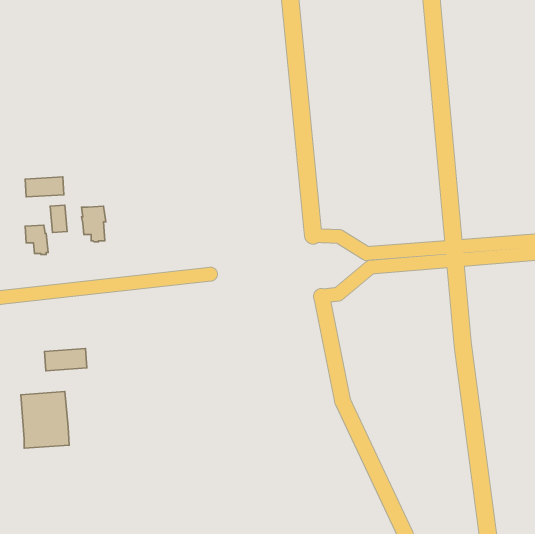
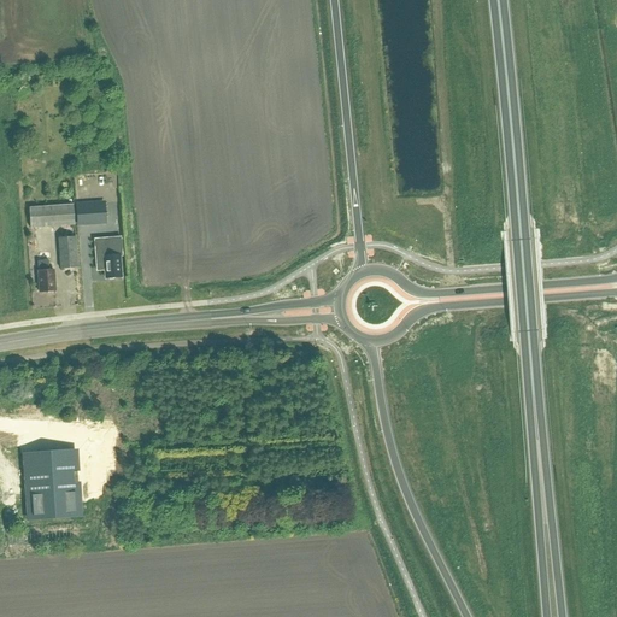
building: none -> [75,200,106,221]
building: [45,349,87,371] -> none

